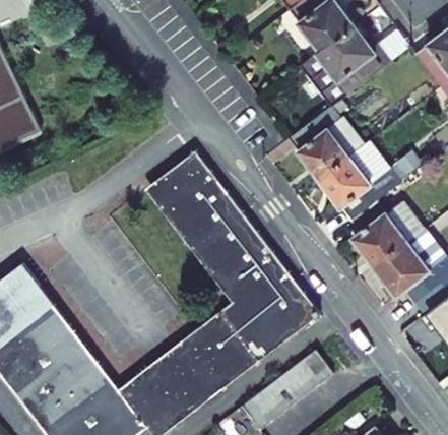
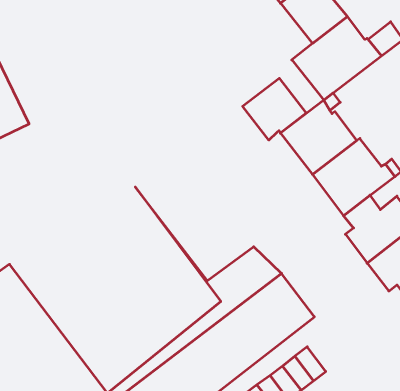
building: none -> [243,78,306,140]
building: [145,160,262,283] -> none

